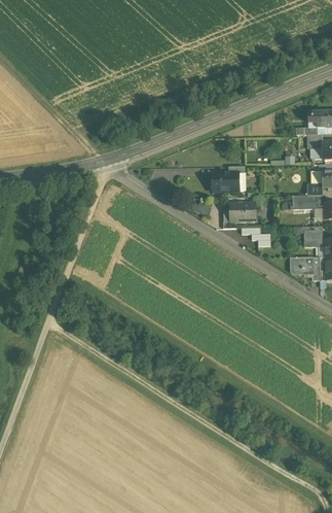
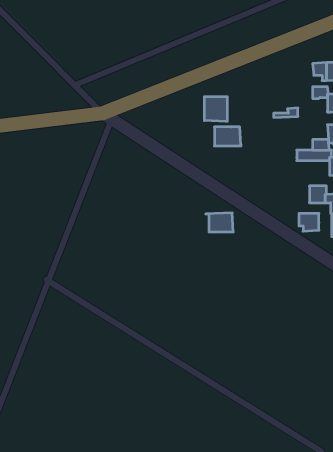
building: none -> [204,97,227,121]
building: [228,202,255,220] -> [206,213,233,232]

